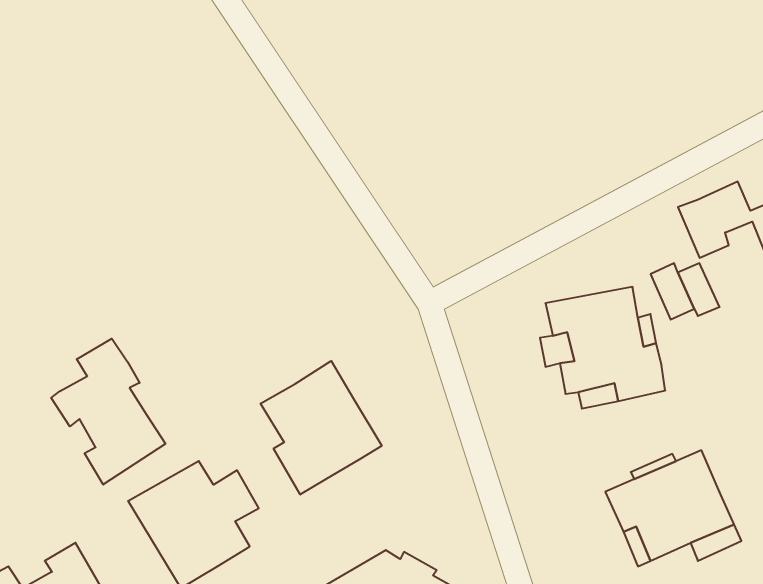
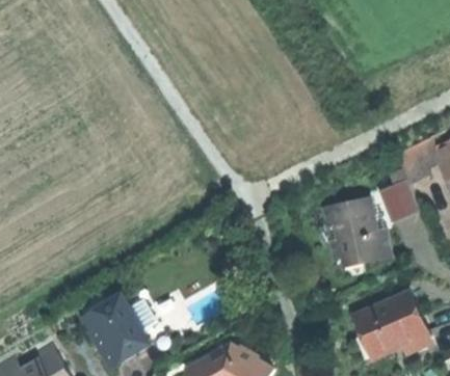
building: [51,339,165,485] -> none
building: [261,361,382,495] -> none

